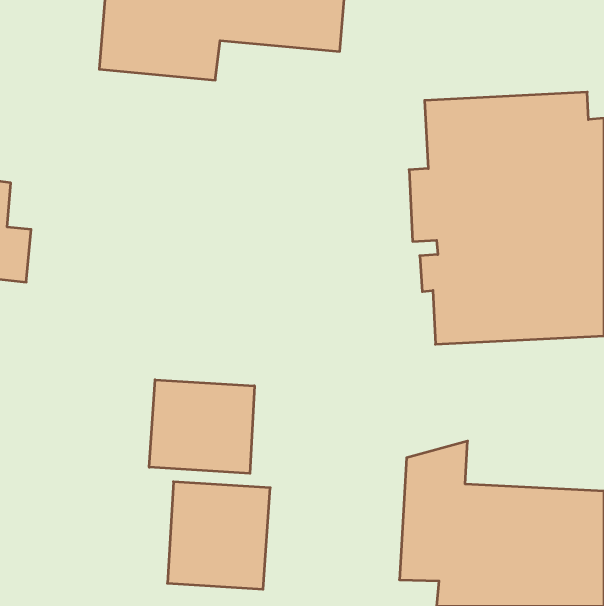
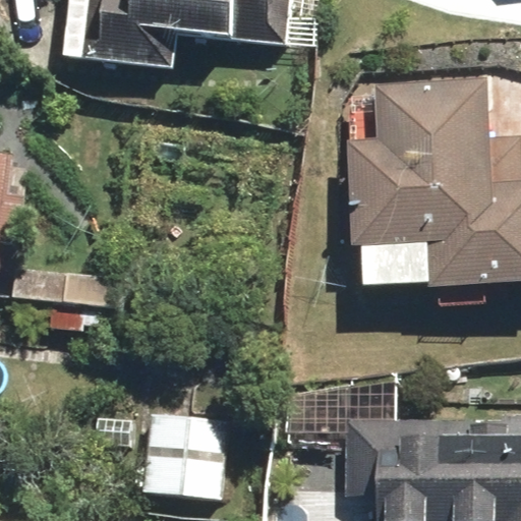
building: [149,380,254,473] -> none

